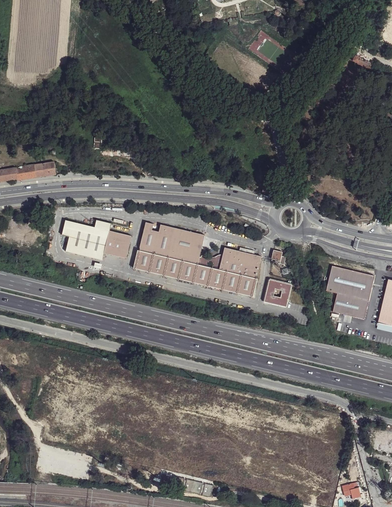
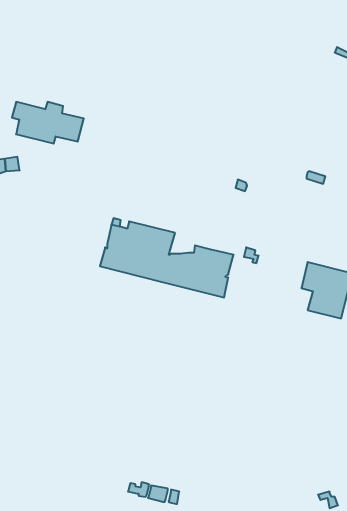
building: [63,219,132,259] -> [12,102,84,144]
building: [263,279,291,306] -> none

